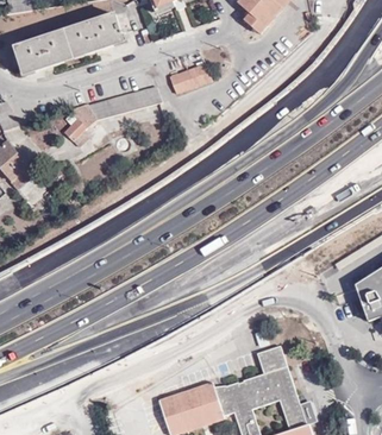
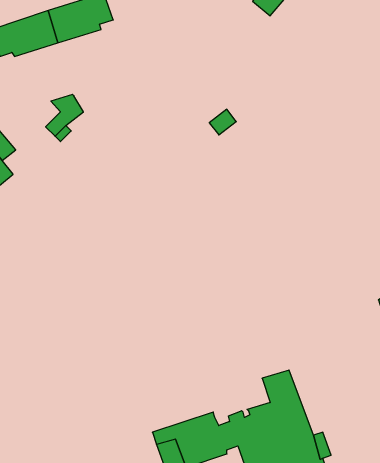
building: [170,63,212,93] -> none
building: [89,86,163,119] -> none

